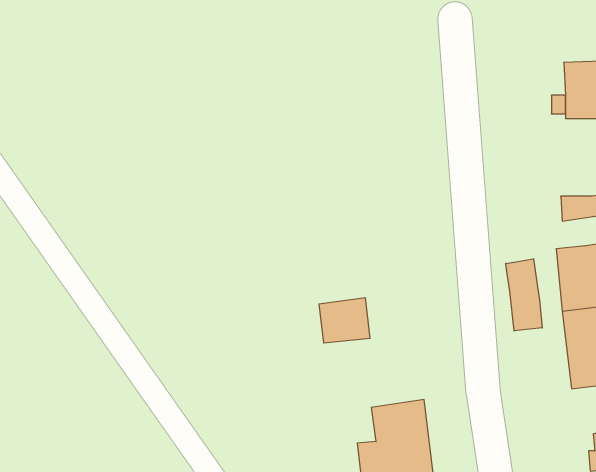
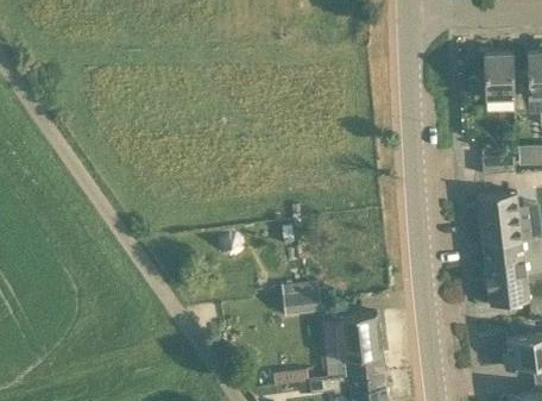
building: [506,259,542,331] -> none
building: [319,298,370,343] -> [282,280,321,314]

